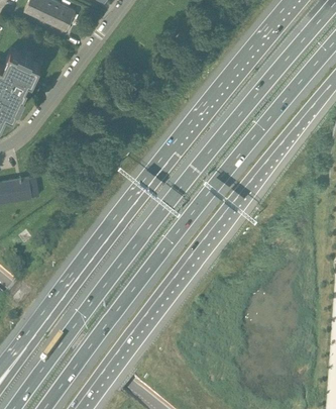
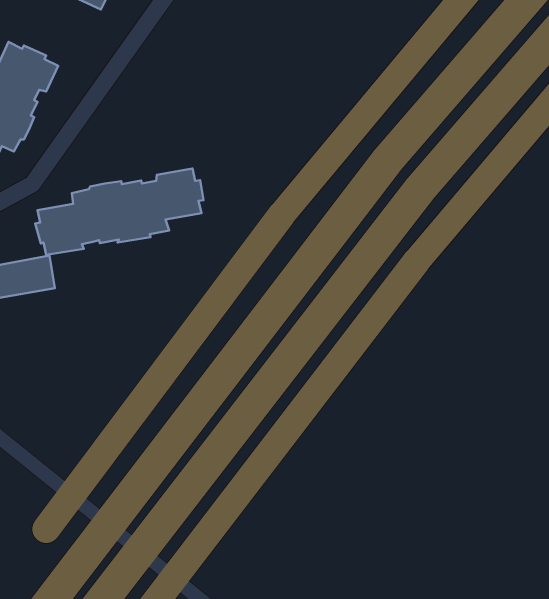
building: none -> [35,169,203,255]

